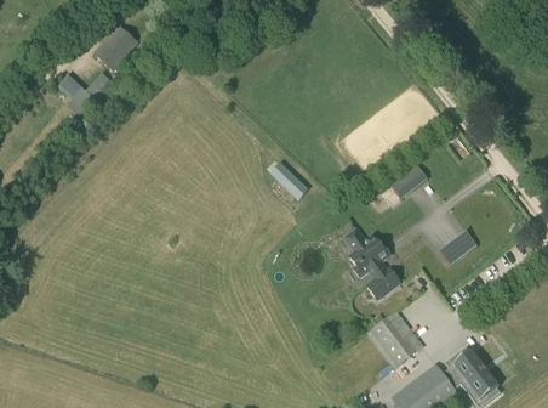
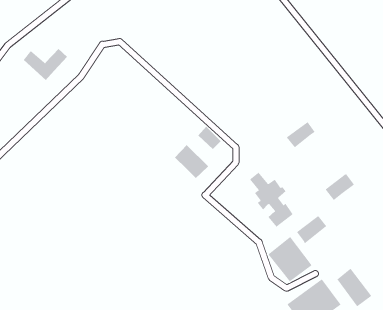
building: [96,28,137,69] -> none
building: none -> [174,144,209,179]
building: none -> [296,215,327,244]

